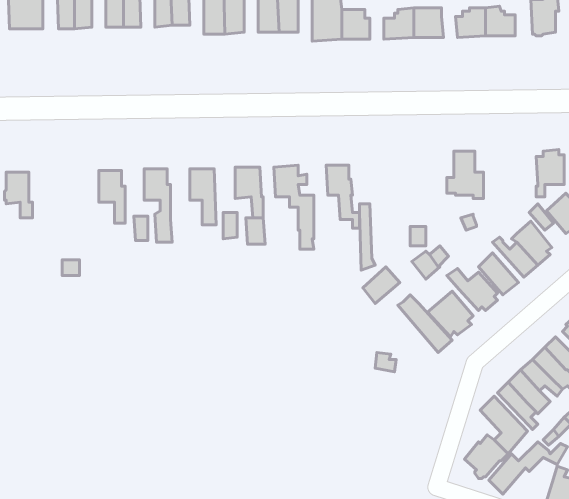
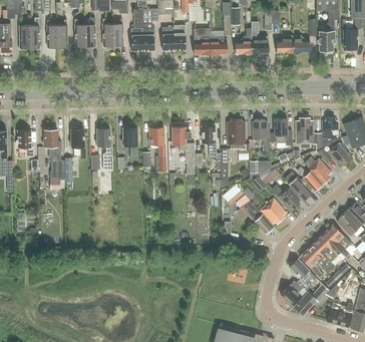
building: none -> [296,117,321,148]
building: none -> [227,118,249,152]
building: none -> [253,118,270,152]
building: none -> [44,129,64,170]

